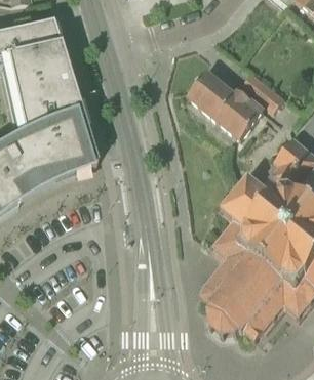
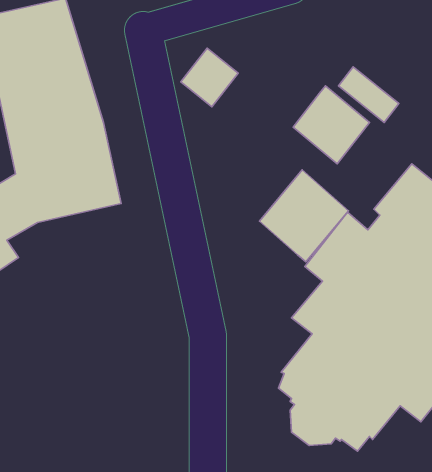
building: [189,72,229,113] -> [181,48,238,107]
building: none -> [260,170,349,262]

